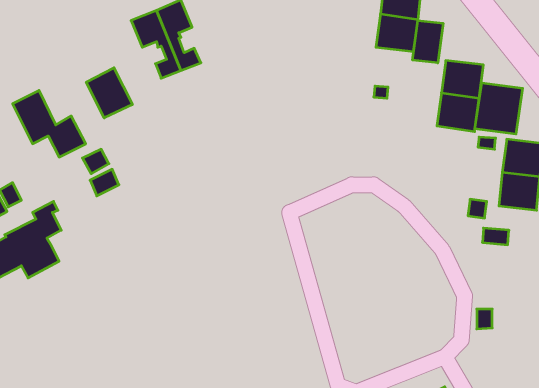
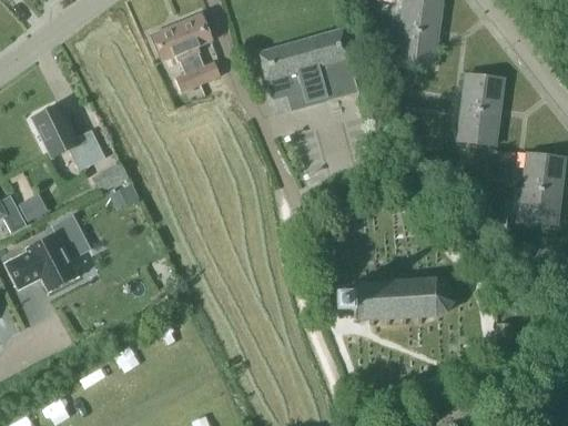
building: none -> [257,28,359,100]
building: [413,20,443,63] -> none
building: [86,68,132,118] -> none
building: [475,83,523,134] -> none
building: none -> [336,277,453,324]

